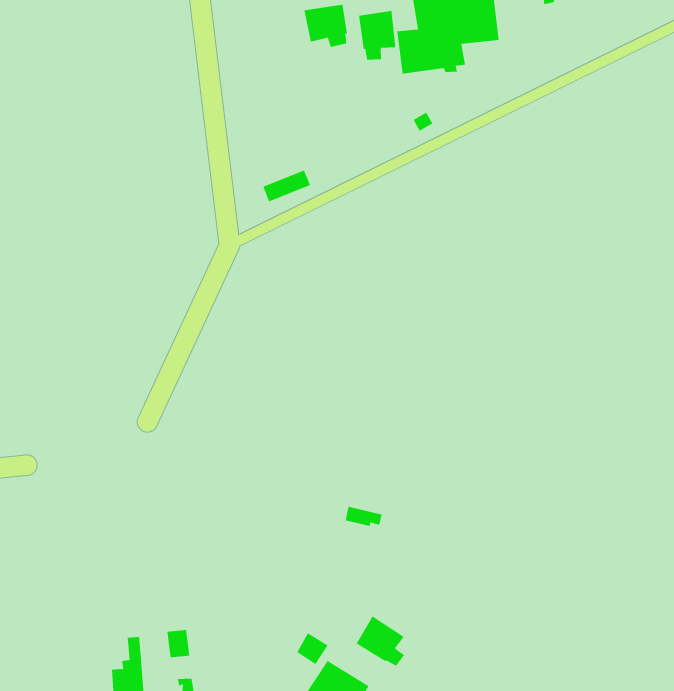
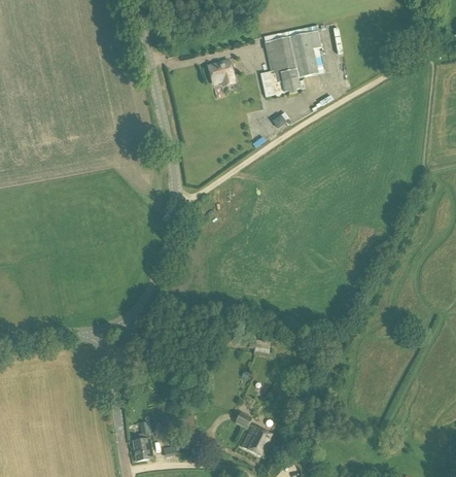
building: [359,10,396,60] -> none
building: [356,616,405,666] -> none

